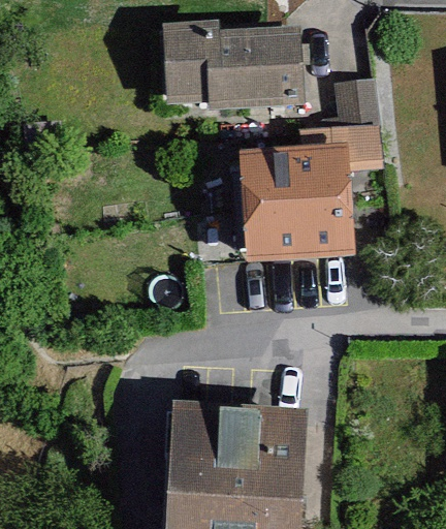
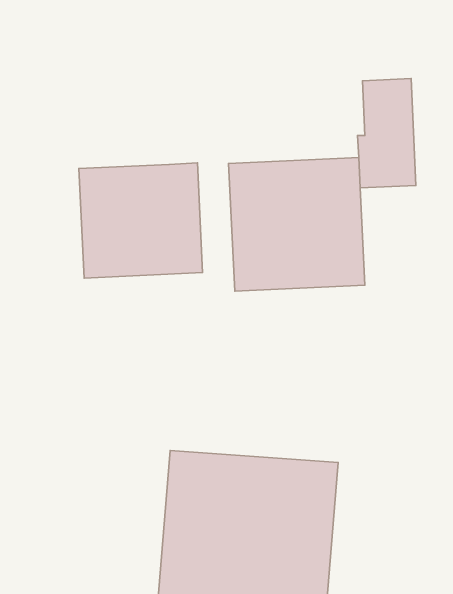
building: [161,28,301,107] -> none
building: none -> [79,163,203,278]

